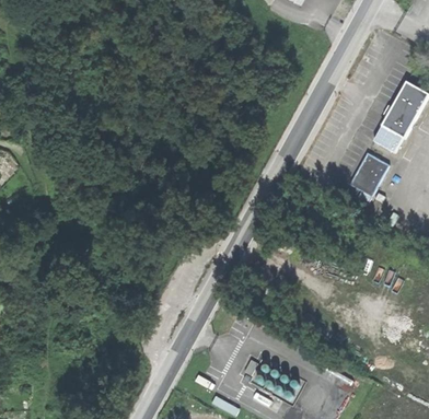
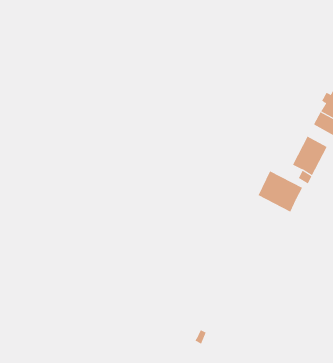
building: none -> [258,171,303,213]

